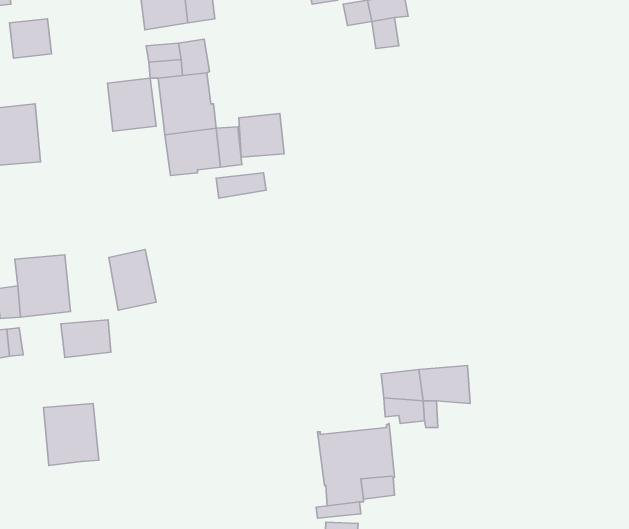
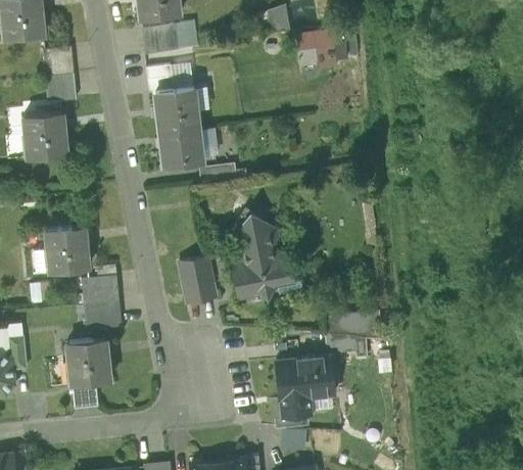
building: none -> [45,74,76,102]
building: [108,78,156,131] -> none
building: [239,113,284,157] -> none
building: none -> [234,210,302,297]
building: [109,250,156,310] -> [179,257,215,303]
building: none -> [84,299,122,330]
building: none -> [72,382,98,409]

